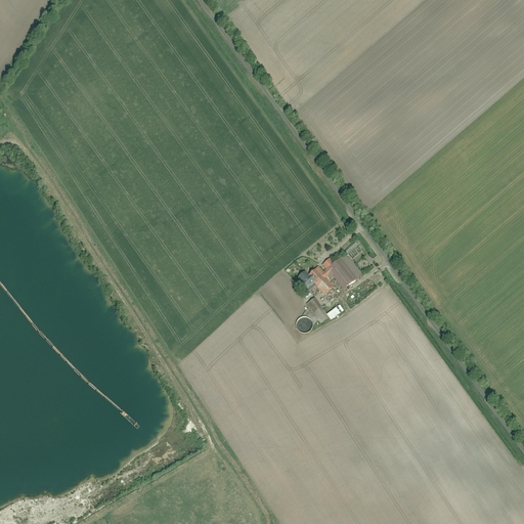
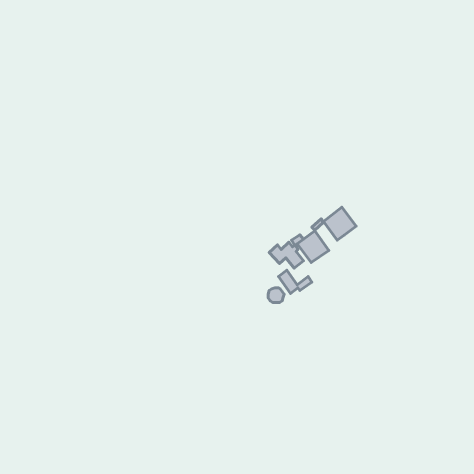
building: none -> [324,207,356,240]

